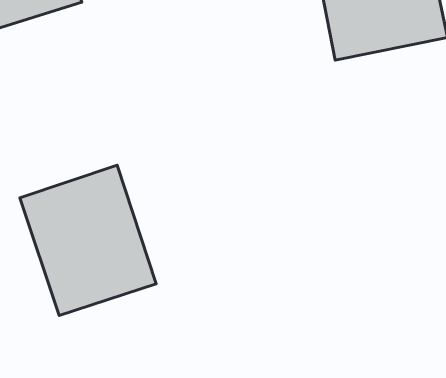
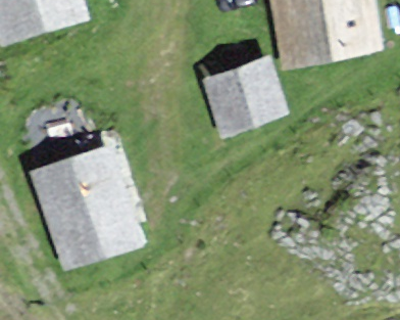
building: none -> [205,58,285,131]

